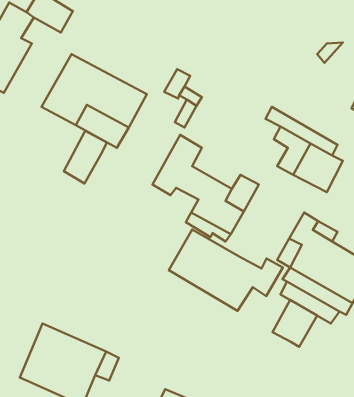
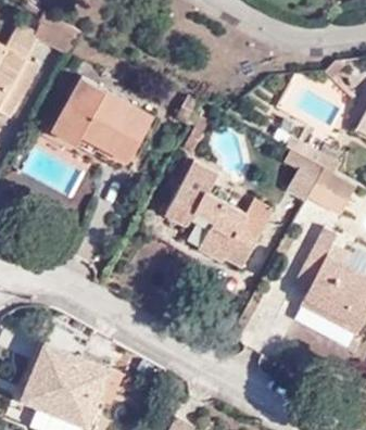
building: [64,131,107,184] -> none
building: [169,229,283,311] -> none
building: [273,300,317,347] -> none

